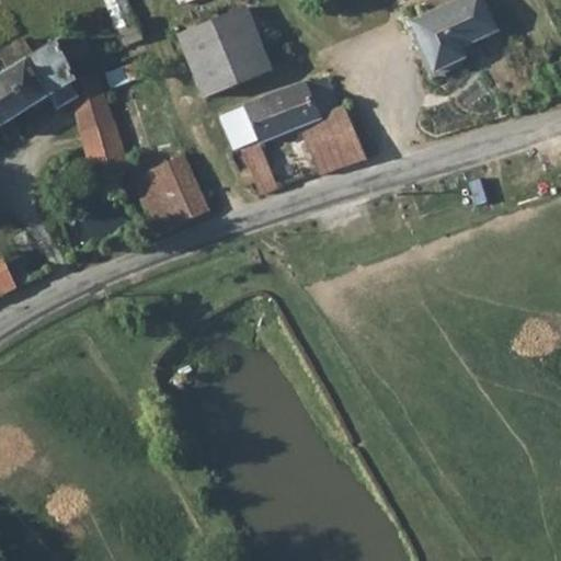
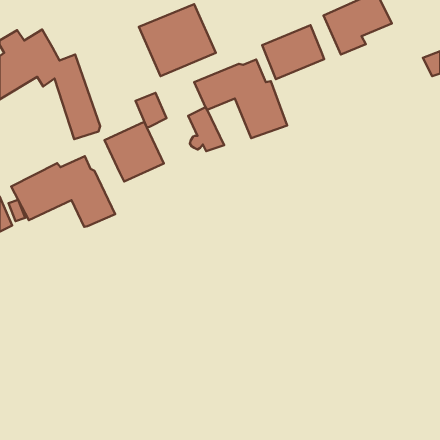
building: none -> [262,25,324,79]
building: [221,104,261,148] -> [136,93,167,128]
building: none -> [11,156,115,227]

